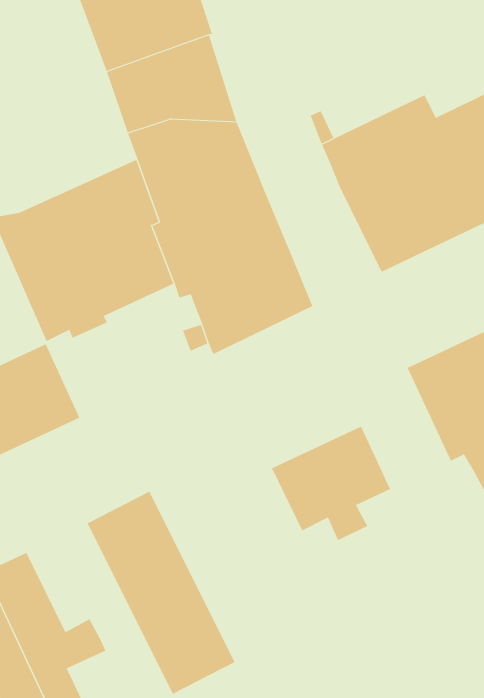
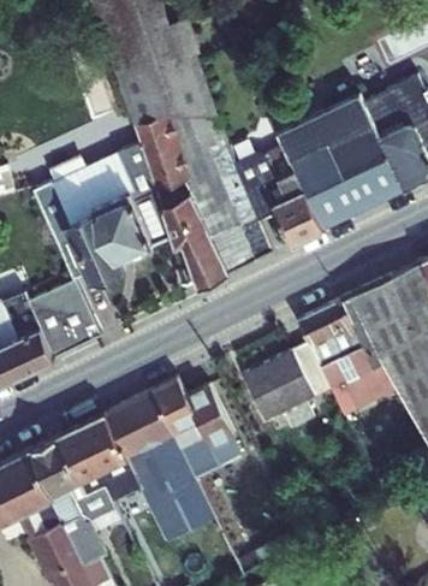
building: none -> [237,148,322,245]
building: none -> [297,301,392,406]
building: none -> [150,380,239,481]
building: none -> [59,416,141,503]

